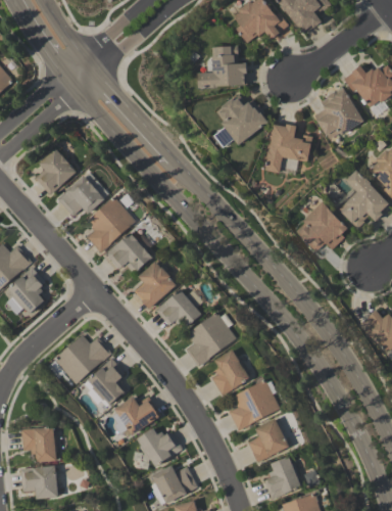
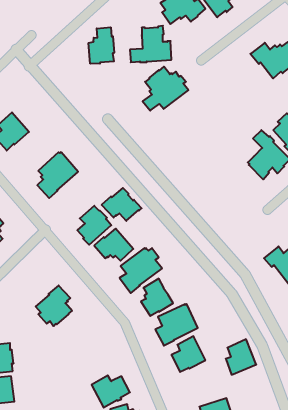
building: none -> [89,27,114,64]
building: [313,87,363,139] -> none
building: [264,123,311,174] -> none
building: [56,176,103,217] -> none
building: [295,203,347,252] -> none
building: [104,233,152,273] -> [102,188,142,221]
building: [54,336,111,384] -> none
building: [112,397,160,435] -> none
building: [136,428,182,467] -> none
building: [263,457,300,500] -> [226,339,256,375]

